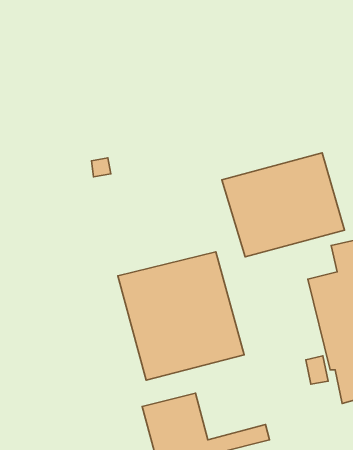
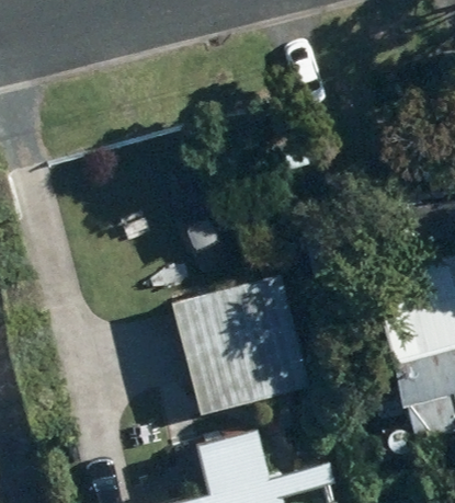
building: [222,153,345,257] -> none

